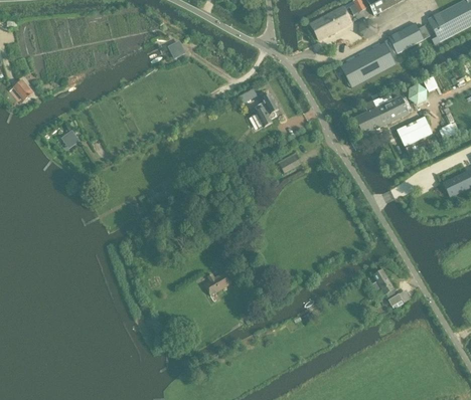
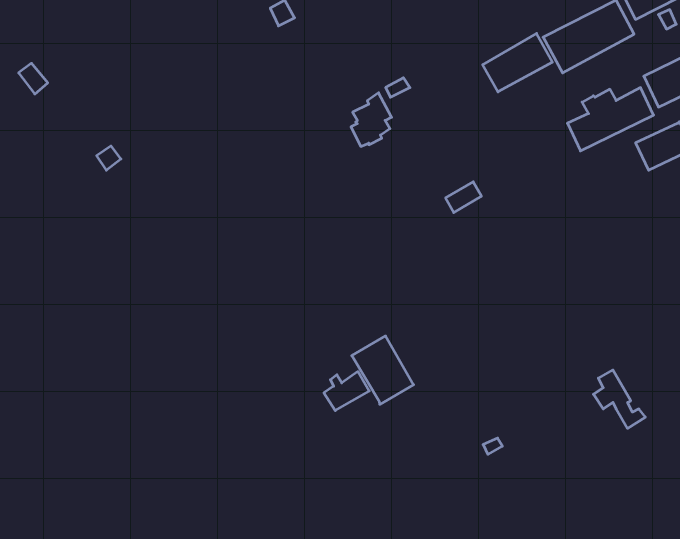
building: none -> [483,33,552,92]
building: [253,93,278,127] -> [351,93,392,146]
building: none -> [352,336,414,404]

